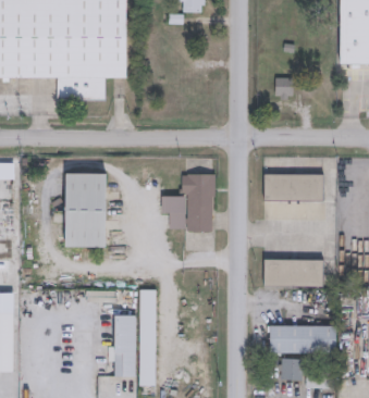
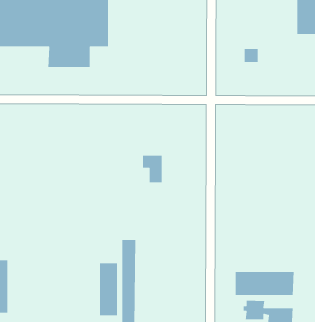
building: [62,174,107,248] -> none
building: [182,174,218,232] -> none
building: [262,174,329,201] -> none
building: [262,260,322,286] -> none

